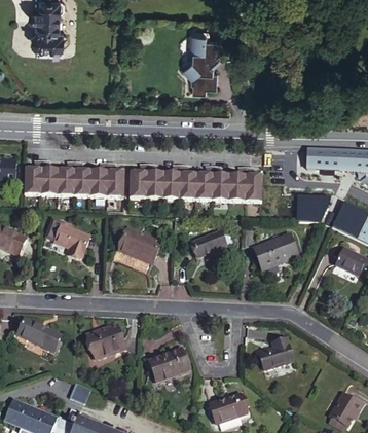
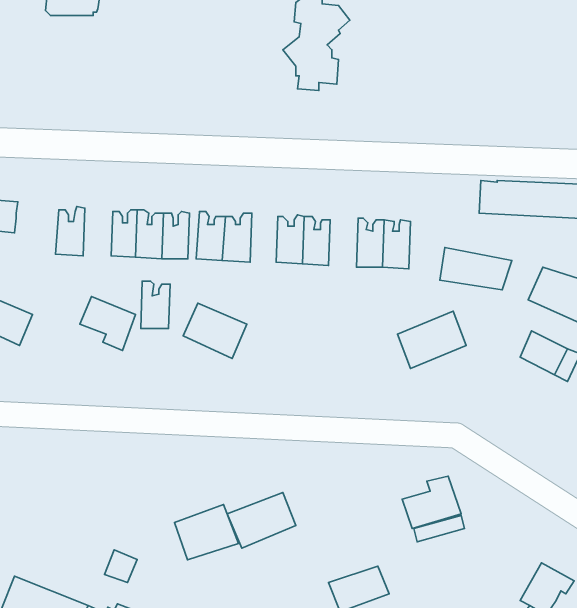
building: [23,166,41,196] -> none
building: [57,168,75,197] -> [141,281,170,328]
building: [161,171,179,202] -> none
building: [211,174,229,205] -> none
building: [192,230,226,255] -> none
building: [86,322,126,357] -> [175,504,238,560]
building: [19,323,62,353] -> none

